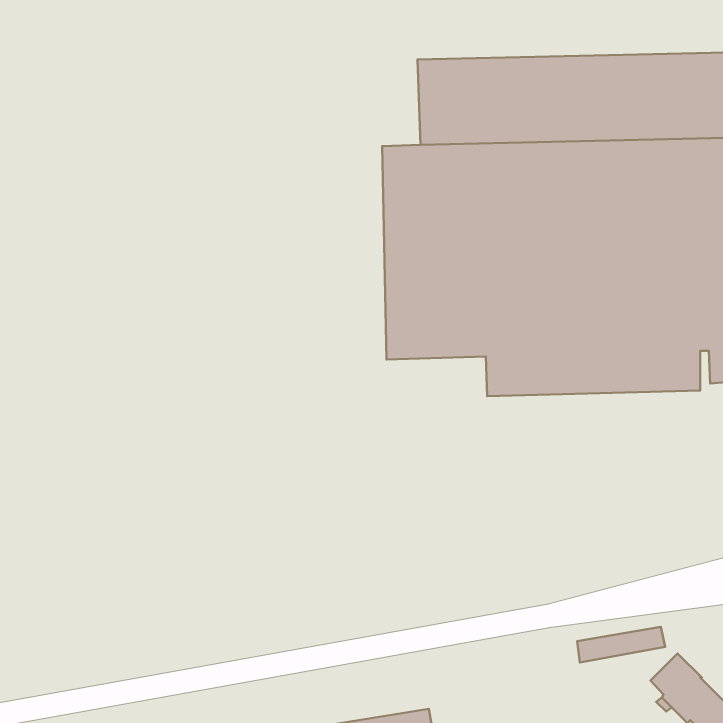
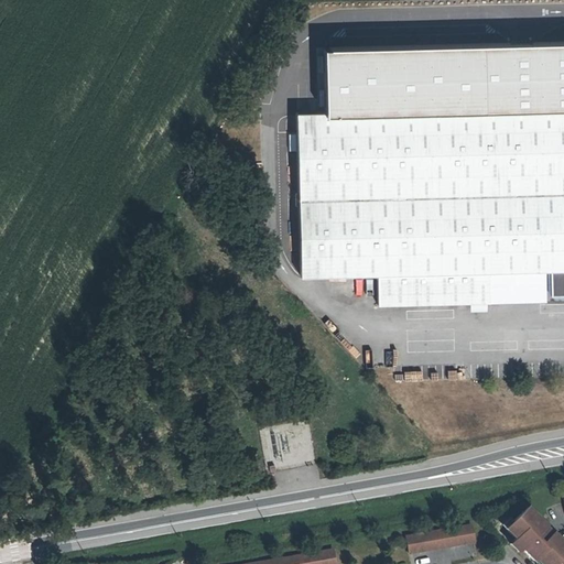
building: [577,627,665,662] -> [408,528,476,555]

